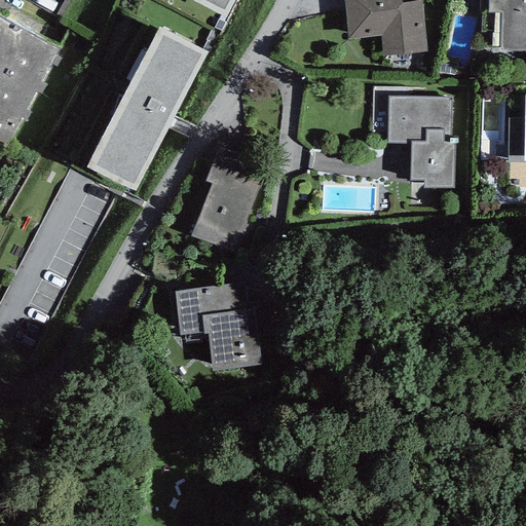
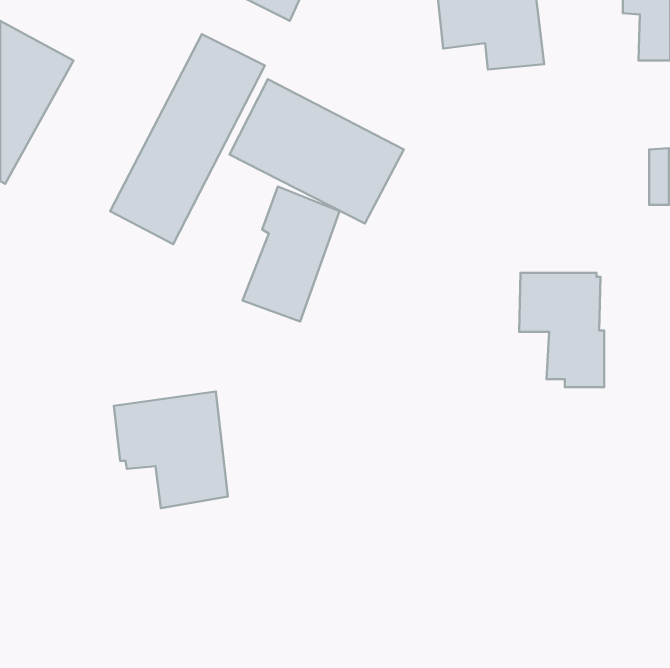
building: none -> [229,79,404,224]
building: [387,96,454,185] -> [519,273,604,387]
building: [175,278,264,370] -> [114,391,228,508]

